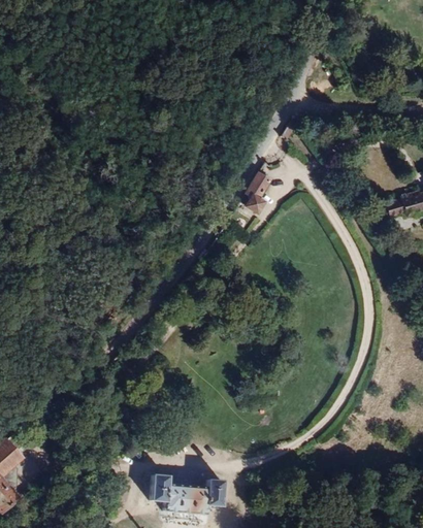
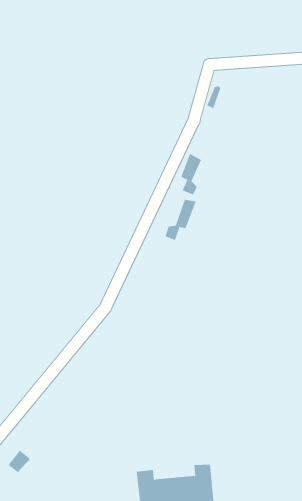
building: none -> [165,199,197,241]

